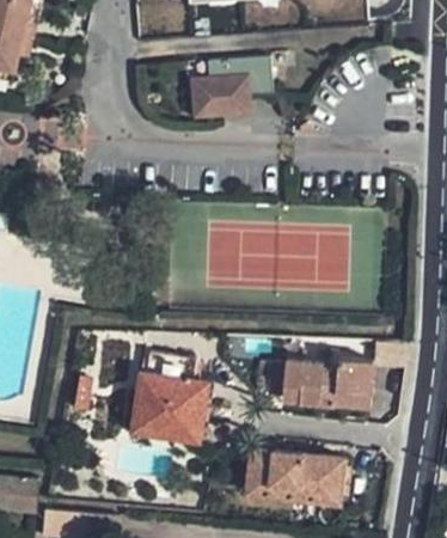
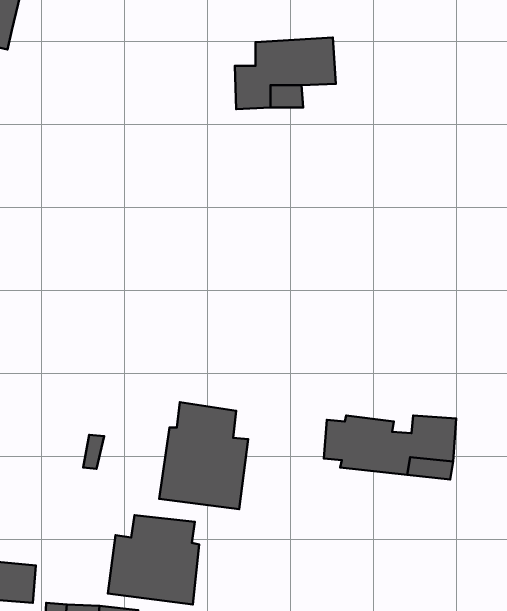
building: none -> [108,515,199,605]
building: [247,446,344,503] -> none

